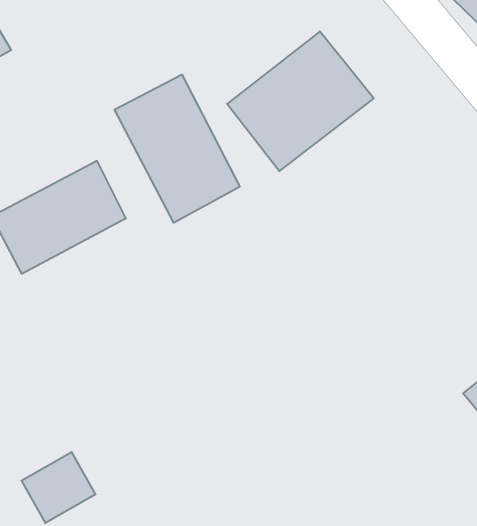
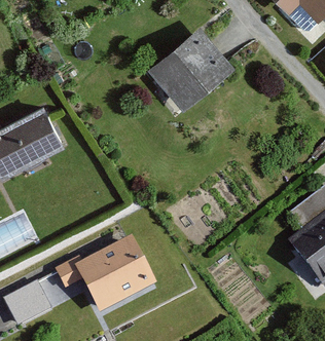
building: [114,75,240,223] -> none
building: none -> [63,238,159,309]

